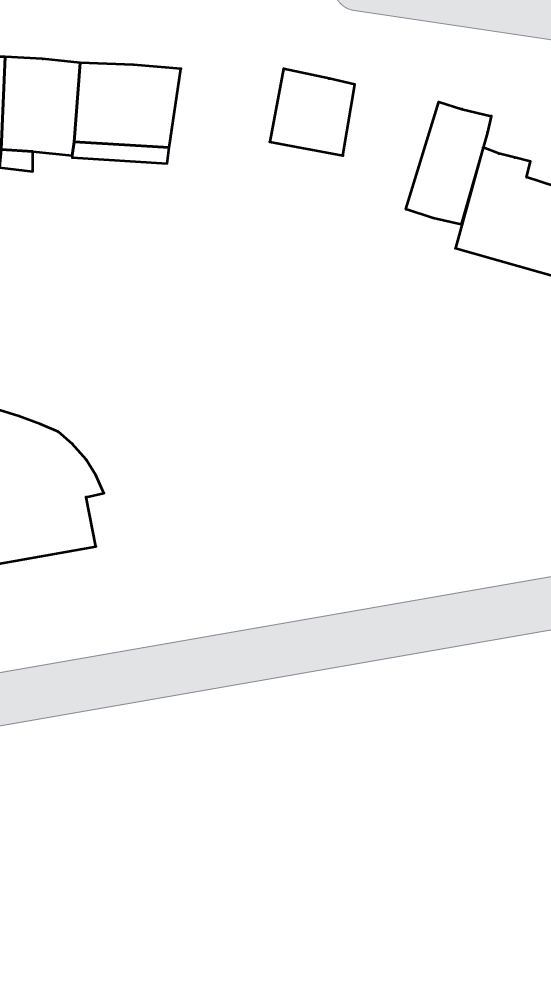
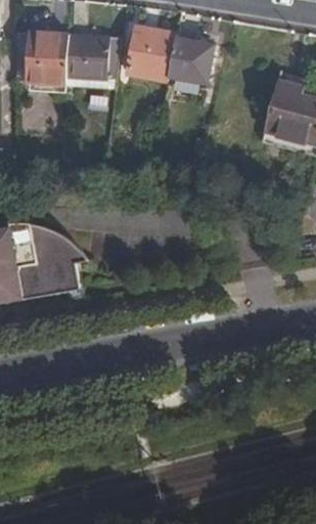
building: none -> [125,27,175,82]
building: [406,102,491,225] -> none

